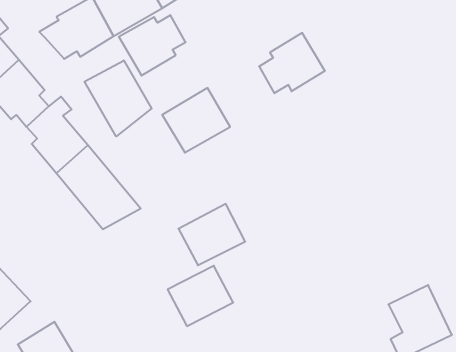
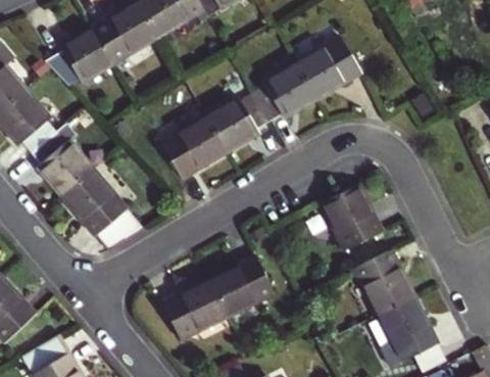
building: none -> [294,36,361,97]
building: [119,15,186,76] -> [204,93,267,150]
building: [85,60,152,136] -> none
building: none -> [321,189,383,255]
building: [178,204,245,265] -> [210,258,274,317]
building: none -> [352,252,413,319]

